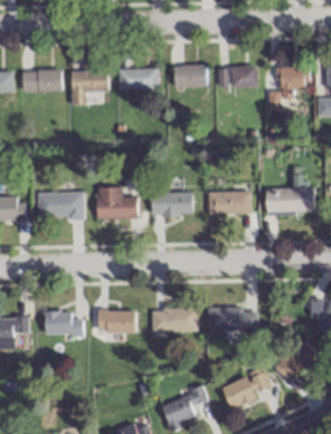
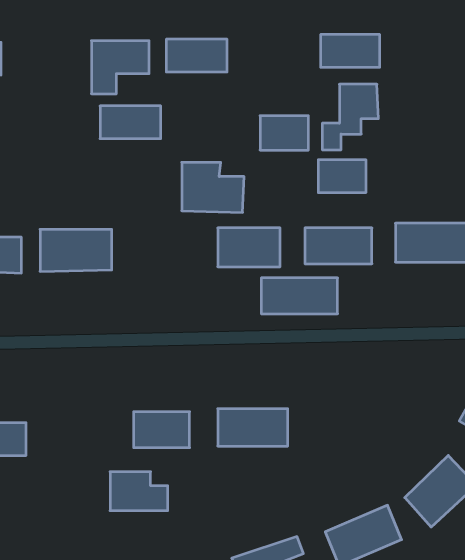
building: [175,64,206,86] -> [260,116,308,150]
building: [269,66,305,108] -> [322,84,378,150]
building: [23,70,62,91] -> [100,106,161,139]
building: none -> [318,160,366,193]
building: [97,187,137,219] -> [182,162,244,212]
building: [209,307,258,331] -> [261,278,338,314]
building: [45,310,82,336] -> [110,472,168,511]

